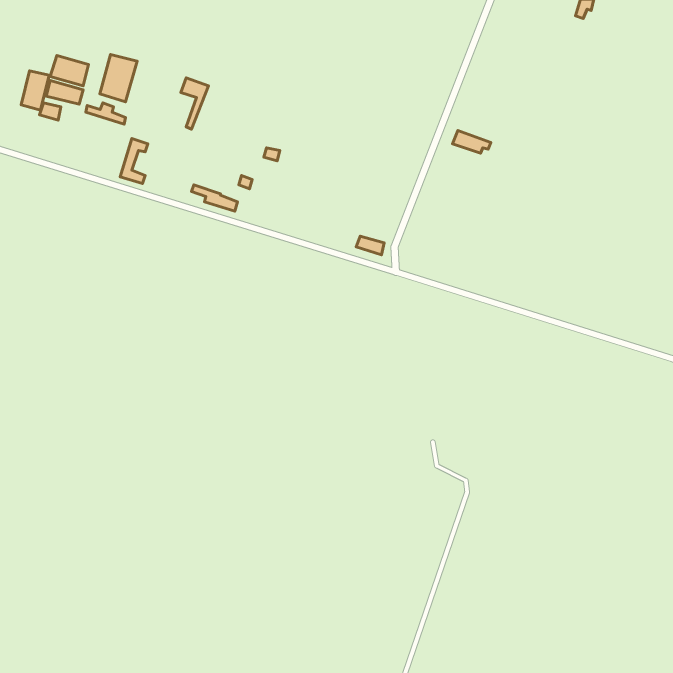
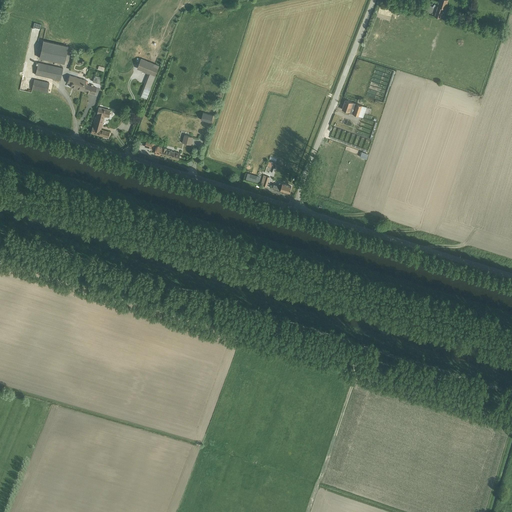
building: [100,55,137,102] -> none
building: [21,71,49,110] -> none

